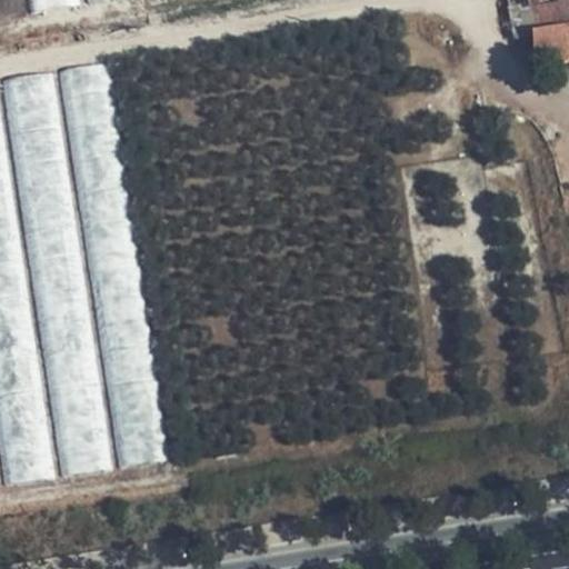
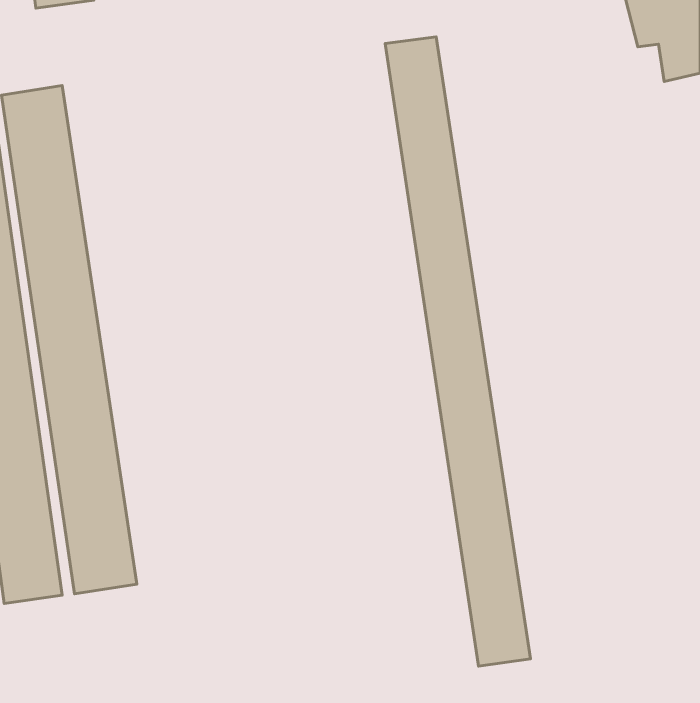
building: none -> [385,37,531,666]
building: [59,61,167,468] -> none

